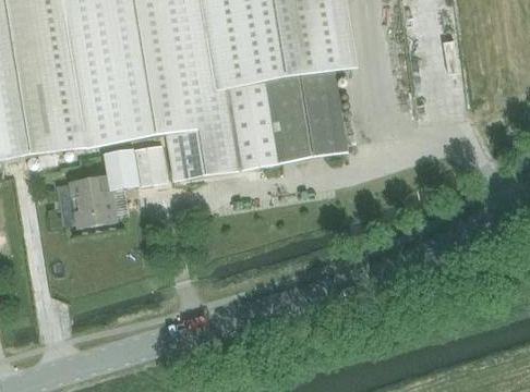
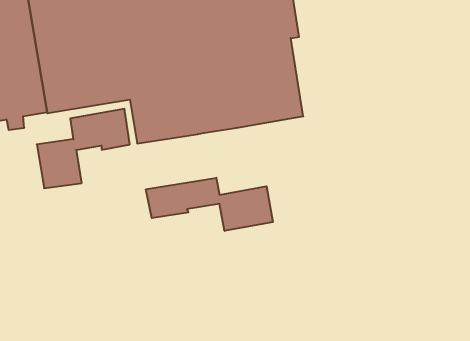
building: none -> [146,178,273,231]

